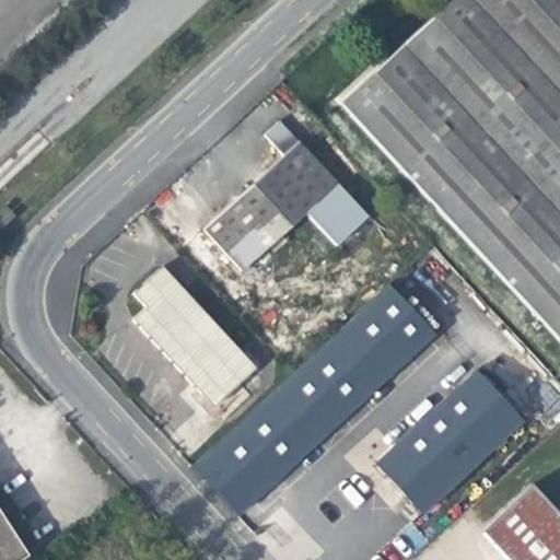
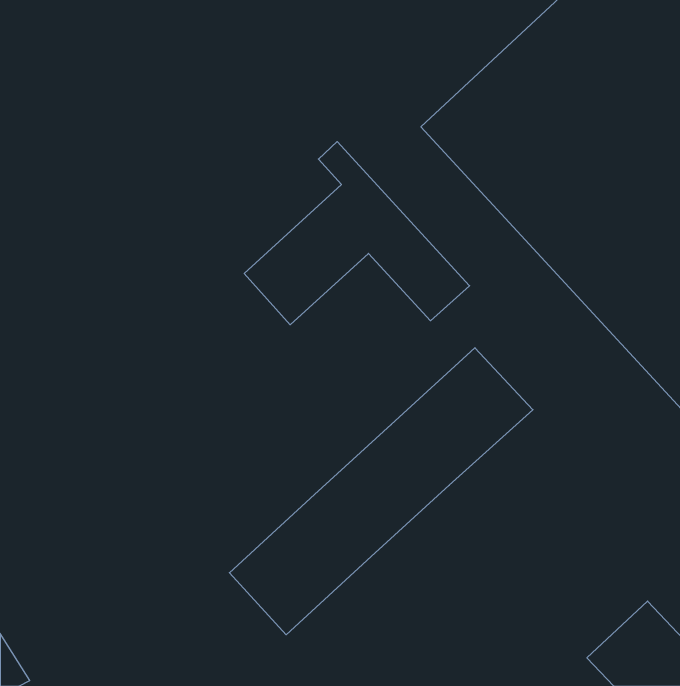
building: [129,269,252,409] -> none
building: [377,373,521,514] -> none

